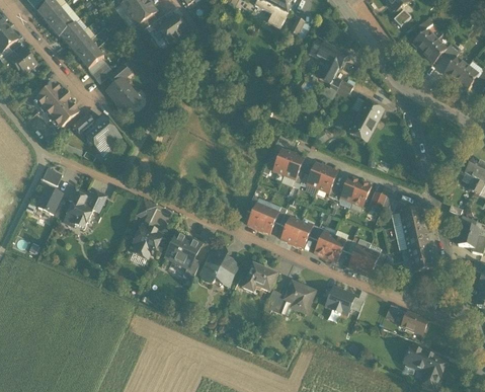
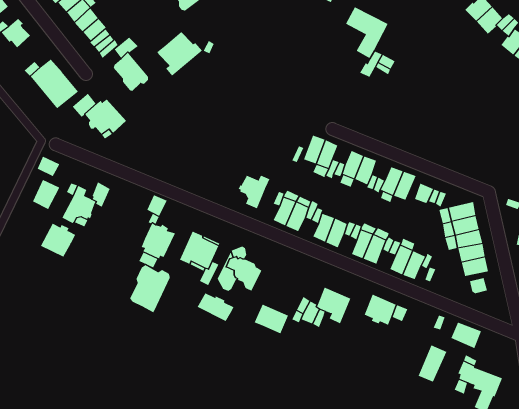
building: none -> [157,31,203,77]
building: [348,100,382,141] -> none
building: none -> [238,175,270,209]
building: none -> [40,223,76,258]
building: none -> [129,264,170,313]
building: [245,264,275,291] -> [254,304,289,334]
building: none -> [197,292,234,322]
building: none -> [418,345,447,382]

